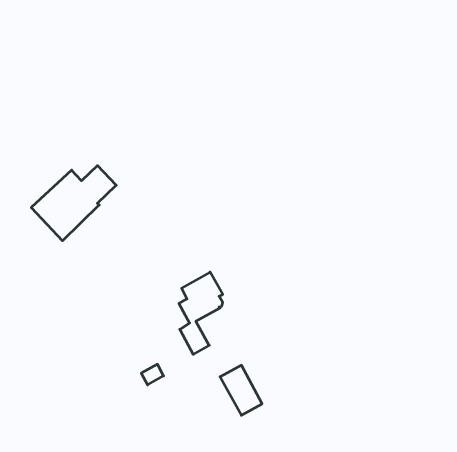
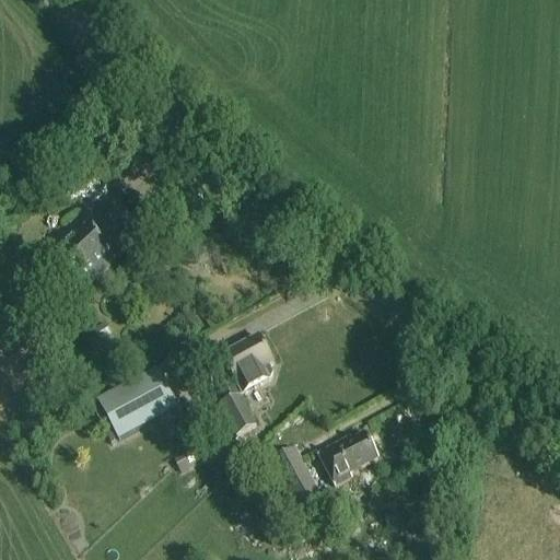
building: none -> [97,366,176,436]
building: none -> [317,431,377,483]

